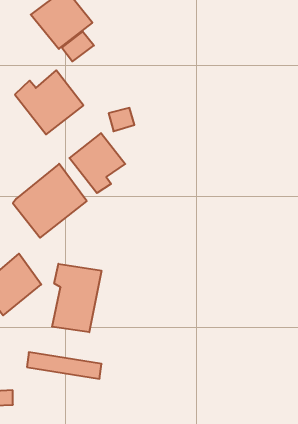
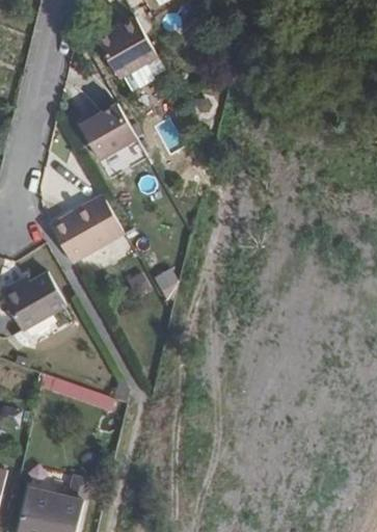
building: [69,133,125,193] -> none
building: [52,264,101,332] -> none

